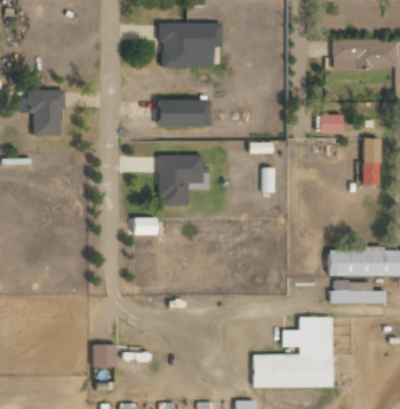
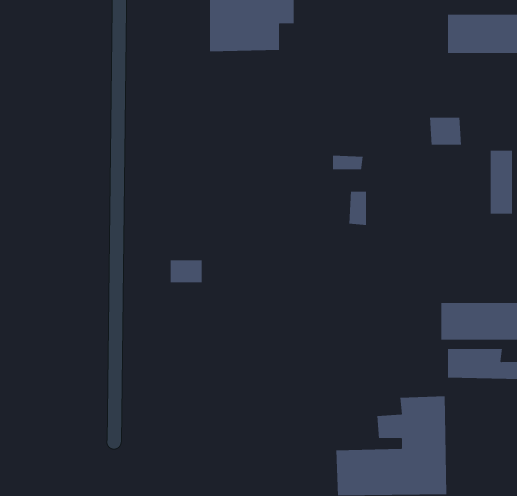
building: [27,89,64,135] -> none
building: [155,98,210,126] -> none
building: [158,154,210,204] -> none
building: [93,344,115,366] -> none

